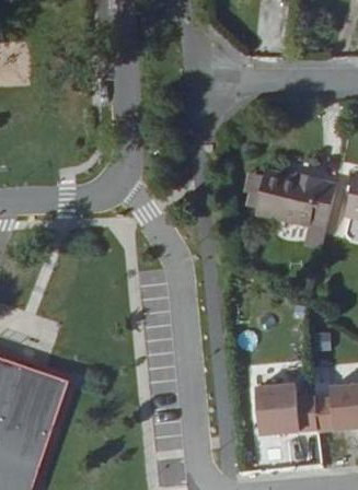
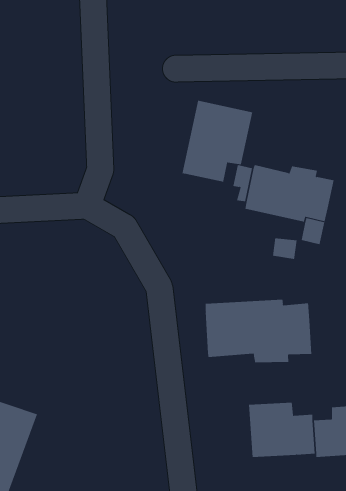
building: none -> [182,100,253,183]
building: none -> [205,299,312,363]

